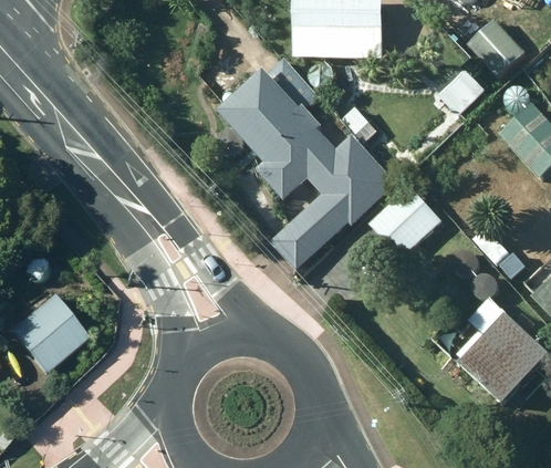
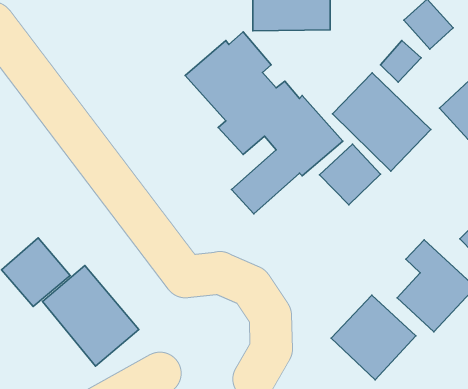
building: none -> [333,73,431,171]
building: none -> [42,266,139,366]
building: none -> [331,295,416,380]

